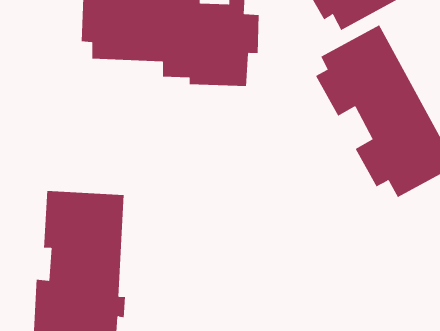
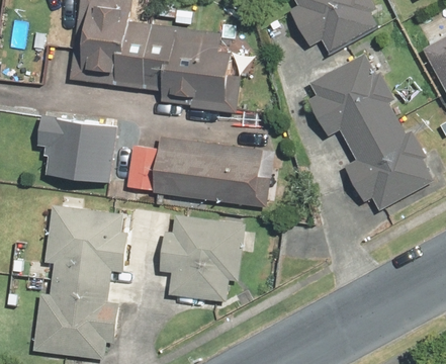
building: none -> [35,107,121,187]
building: none -> [126,135,274,202]
building: none -> [160,217,255,299]

